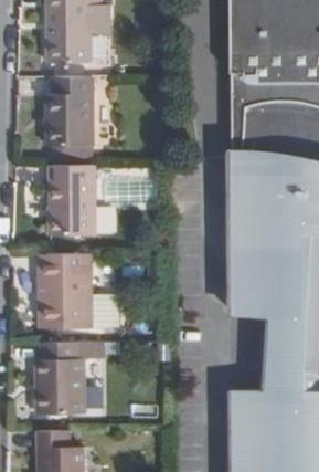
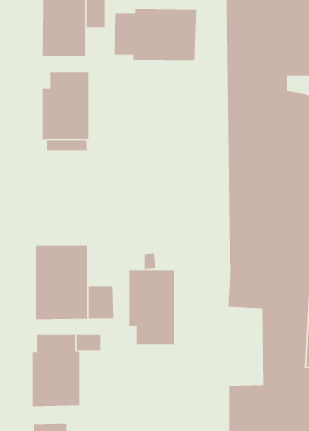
building: none -> [114,8,197,61]
building: [49,168,94,238] -> none
building: none -> [129,269,174,345]

